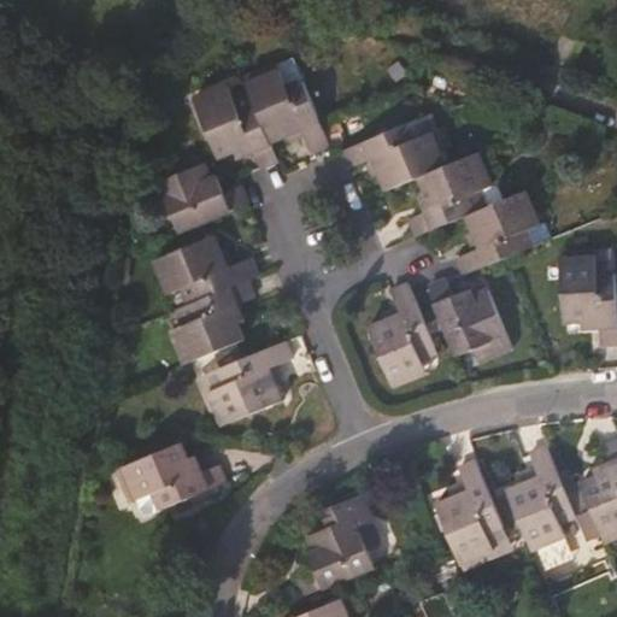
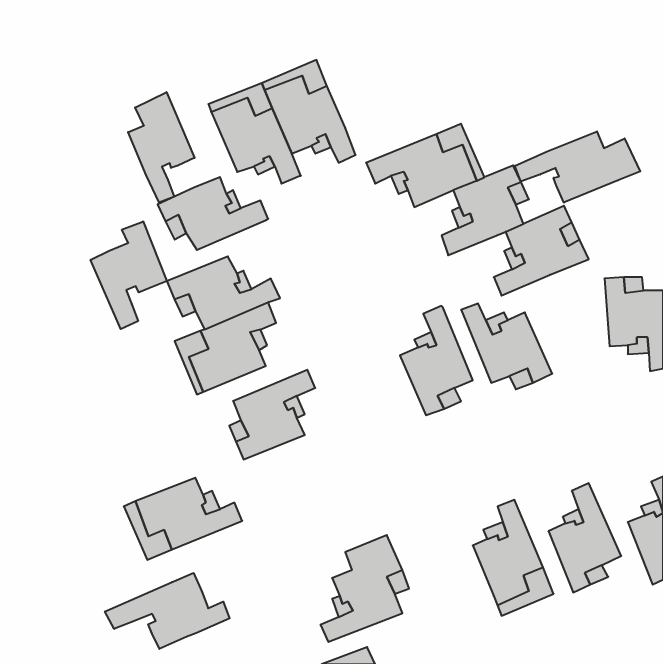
building: none -> [128,92,195,203]
building: none -> [515,131,640,203]
building: none -> [91,221,167,329]
building: none -> [105,573,230,649]

